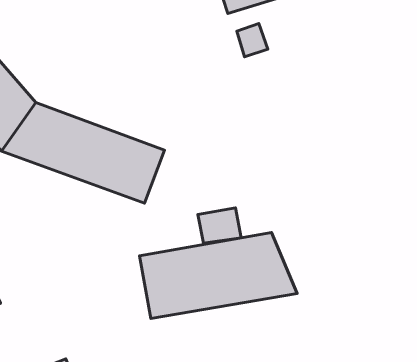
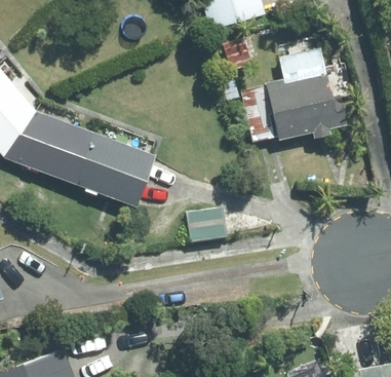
building: none -> [242,51,349,142]
building: [139,232,297,318] -> none

